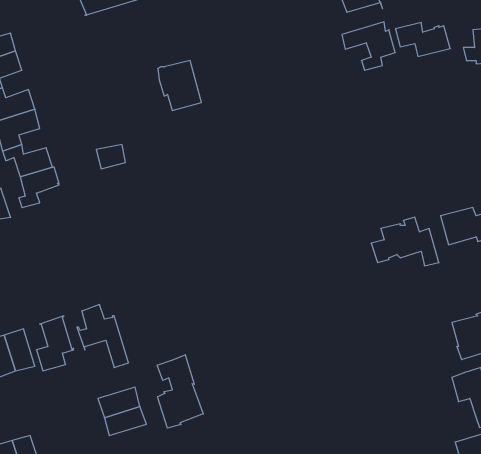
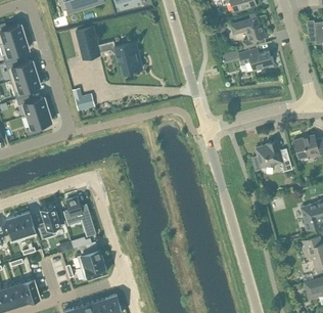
building: [395,23,450,56] -> [238,49,273,71]
building: none -> [76,27,100,59]
building: [157,355,203,428] -> none

